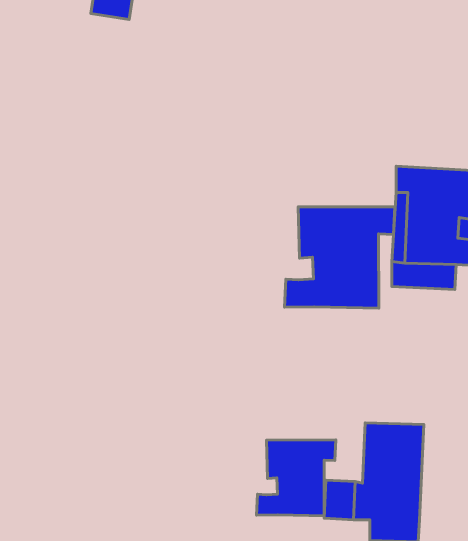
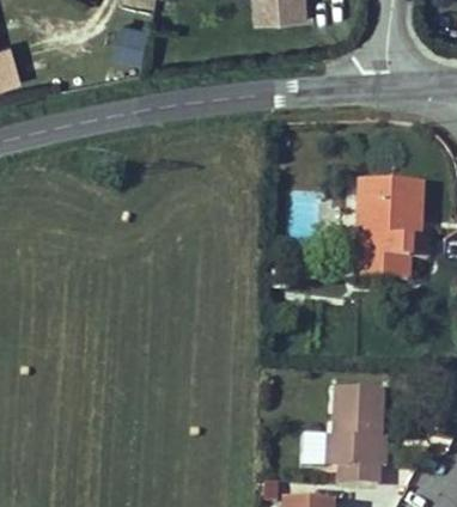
building: [284,207,395,308] -> none
building: [256,440,336,516] -> none

